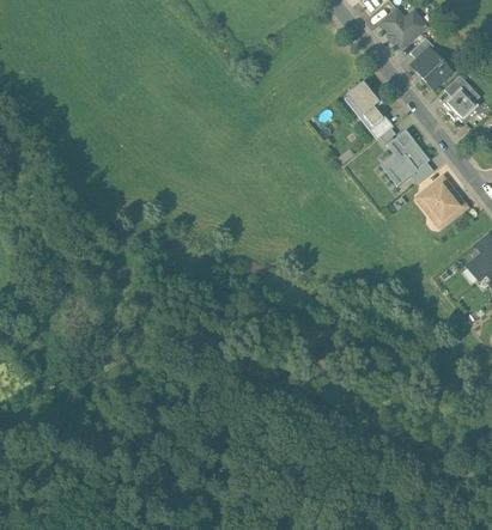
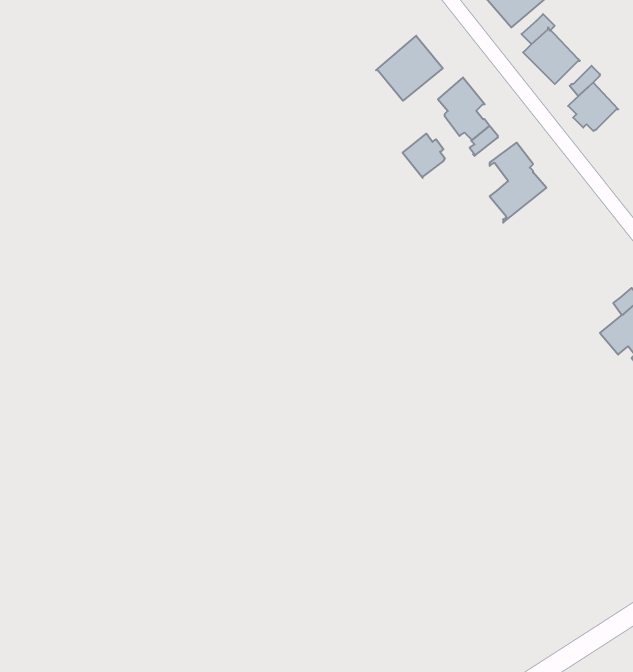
building: none -> [376,36,443,101]
building: none -> [403,134,445,178]
building: [420,177,463,225] -> none

